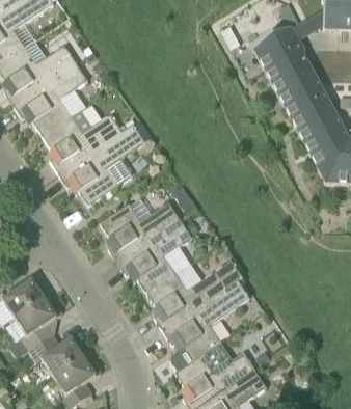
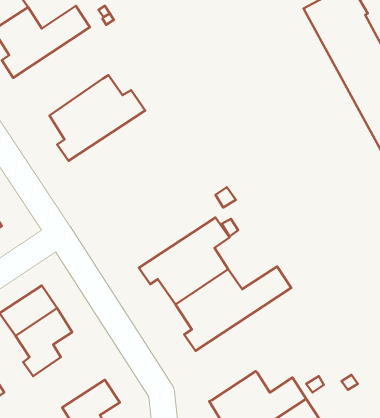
building: [12,63,87,136] -> none
building: [58,119,151,204] -> none
building: [100,198,180,262] -> none
building: [163,277,249,371] -> none
building: [29,334,88,377] -> none

